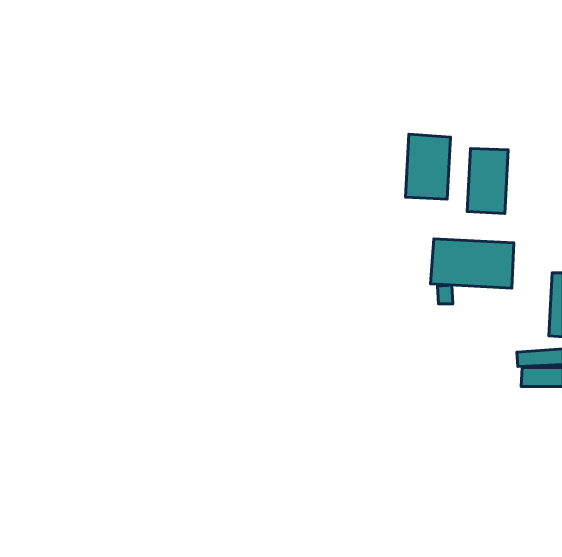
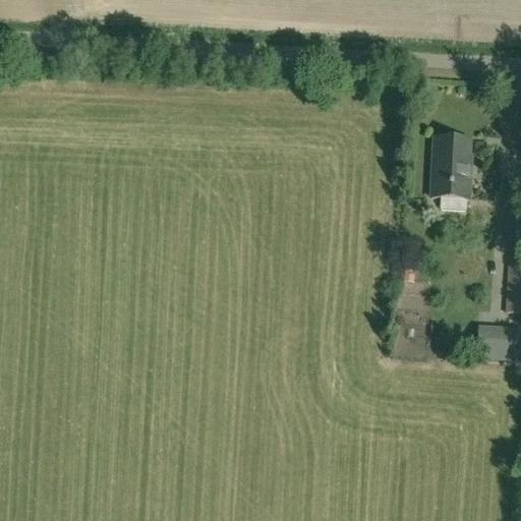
building: [405,134,450,199] -> none
building: [430,239,514,288] -> none

